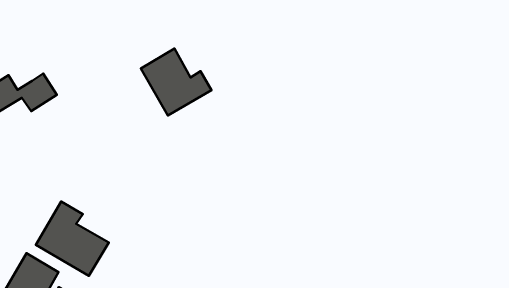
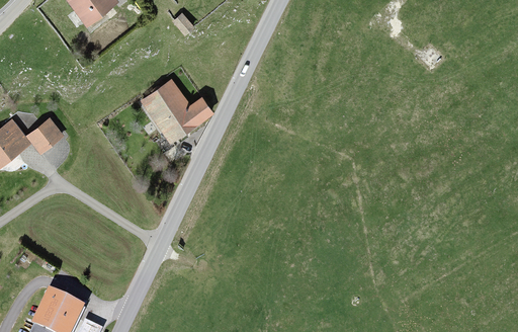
building: [36,202,109,276] -> none

